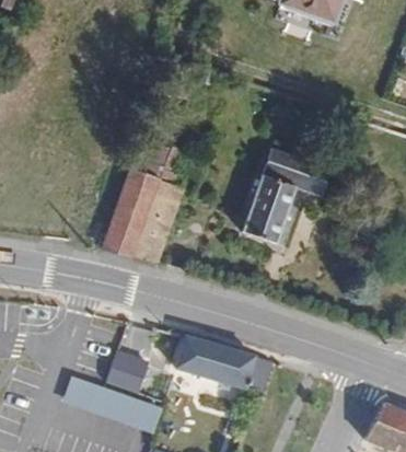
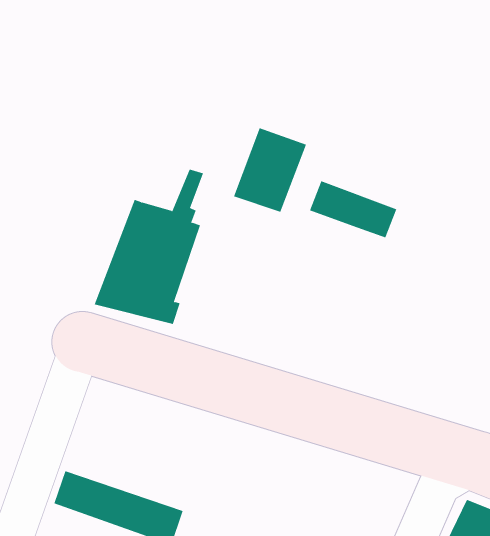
building: [241,179,297,244] -> [233,127,307,212]
building: [167,336,257,392] -> none
building: [108,349,153,395] -> none

